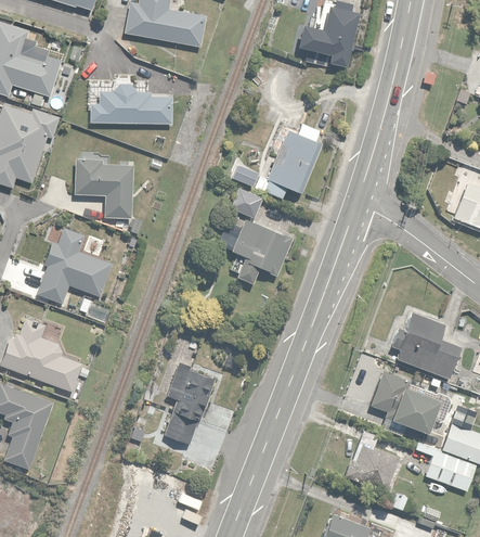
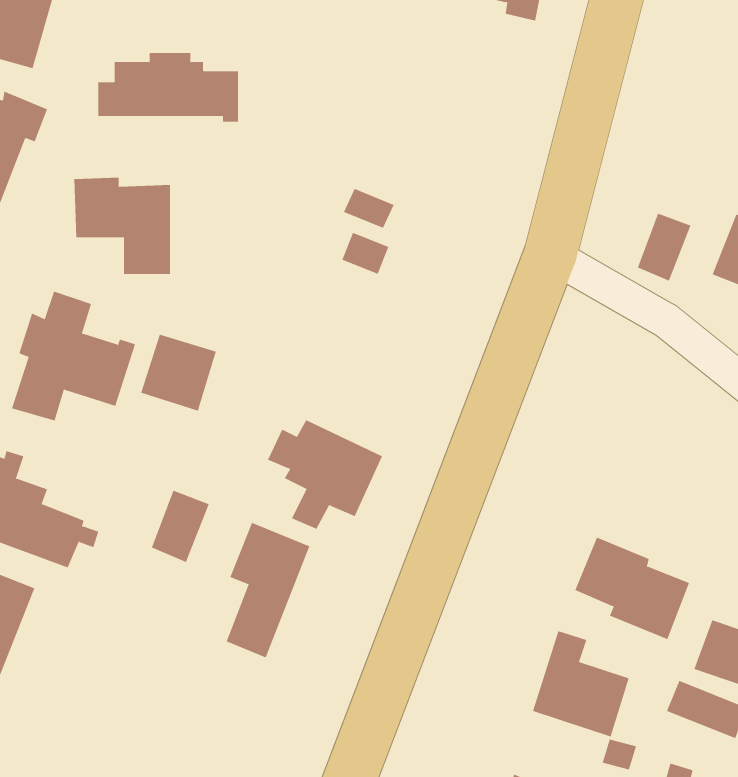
building: [263,122,321,200] -> none
building: none -> [637,213,691,282]
building: [223,217,291,282] -> [267,419,383,530]
building: none -> [140,334,216,412]
building: [391,314,460,378] -> none
building: none -> [151,490,210,563]

